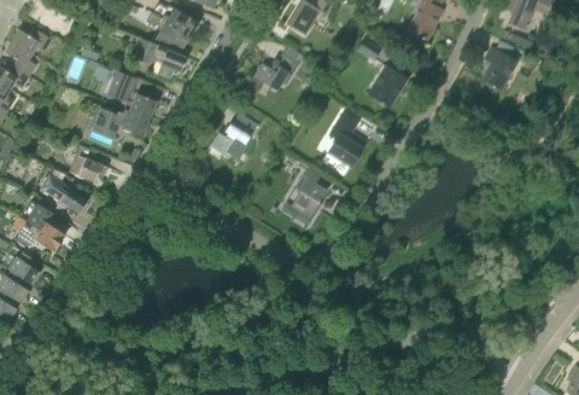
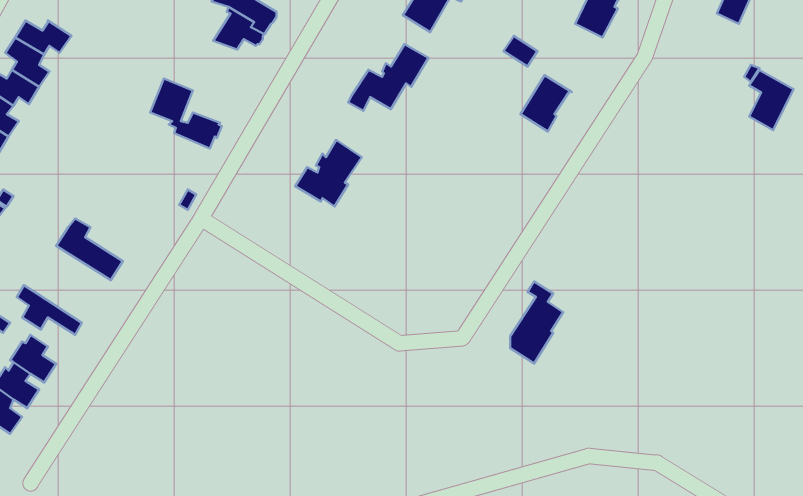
building: [131,36,186,77] -> none
building: [484,47,515,89] -> [749,70,794,130]
building: [93,106,150,138] -> none
building: [328,108,367,165] -> none
building: [69,144,107,181] -> none
building: [291,167,328,225] -> [510,281,563,363]
building: [22,201,65,242] -> none

